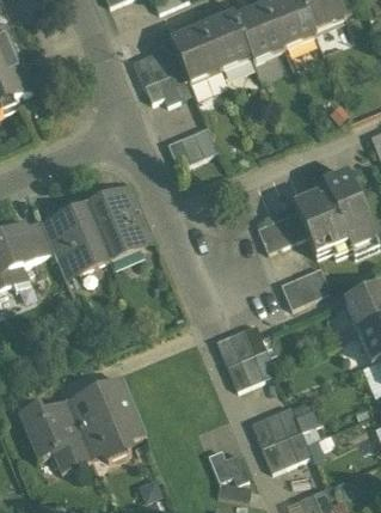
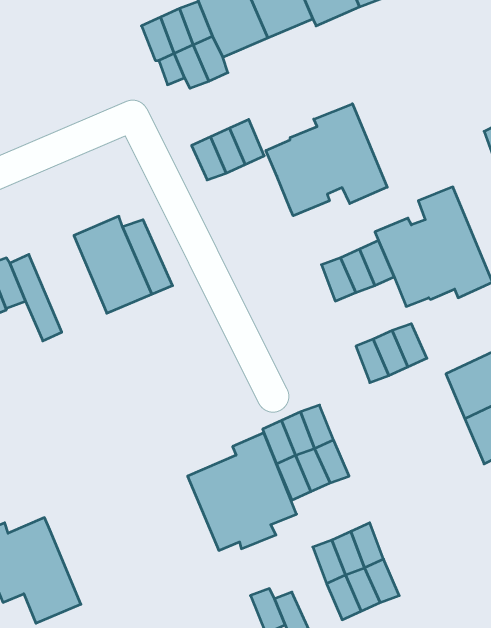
building: none -> [266,104,387,216]
building: [56,206,110,273] -> none
building: [70,379,146,460] -> [188,433,297,550]

